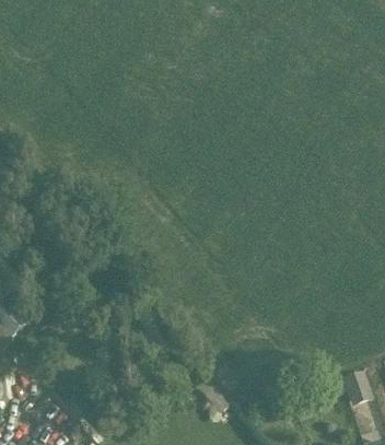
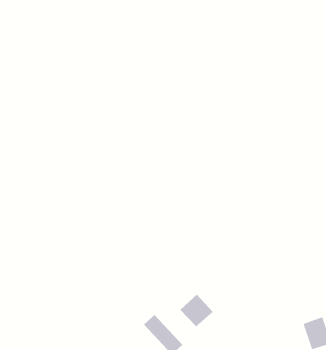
building: none -> [179,294,213,327]

